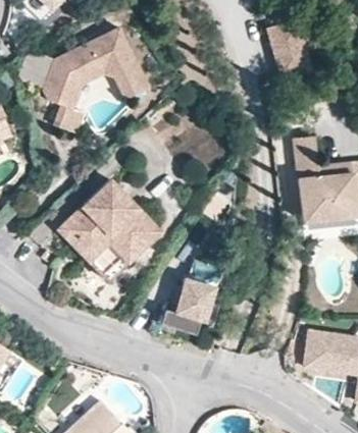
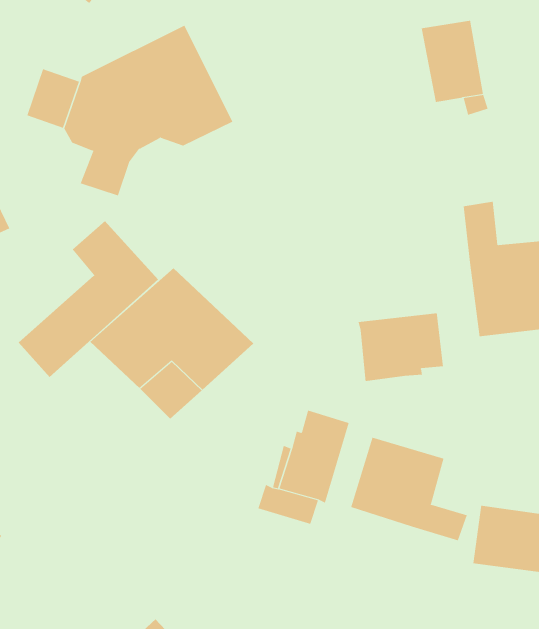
building: none -> [18,220,159,378]
building: none -> [358,313,444,382]
building: none -> [351,437,467,541]

